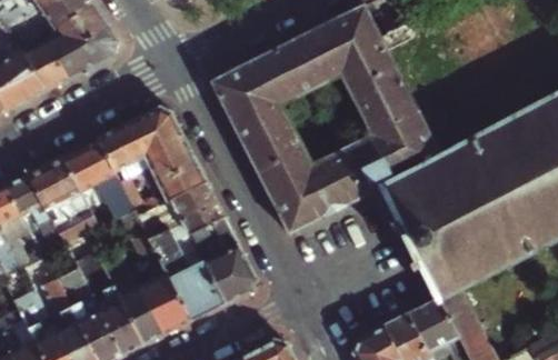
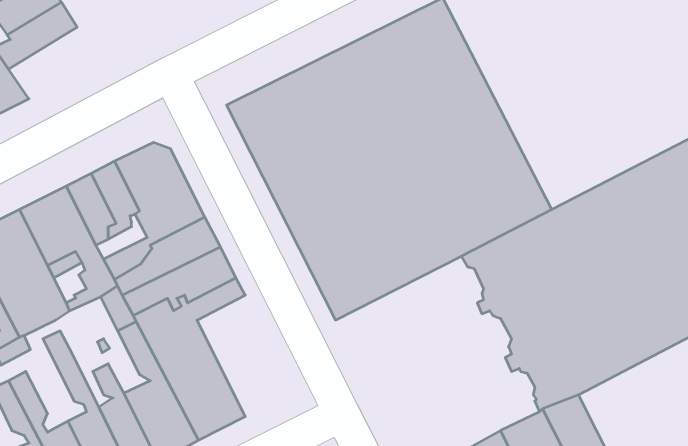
building: [54,26,116,77] -> none
building: [189,217,255,303] -> none

